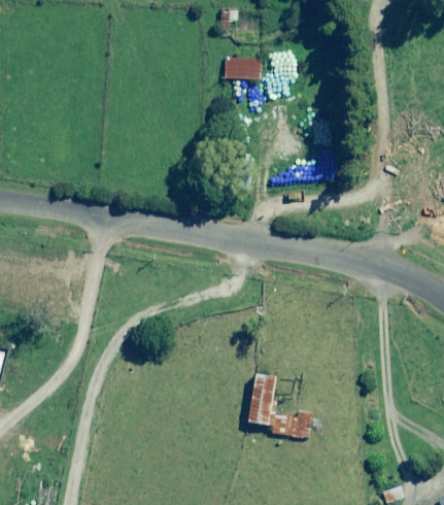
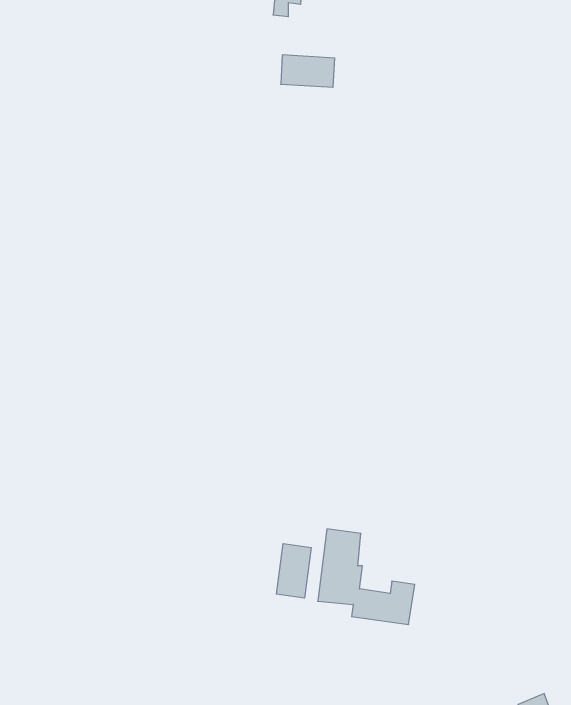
building: none -> [276,544,311,598]

